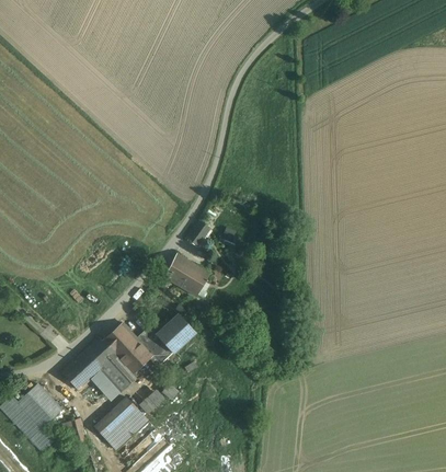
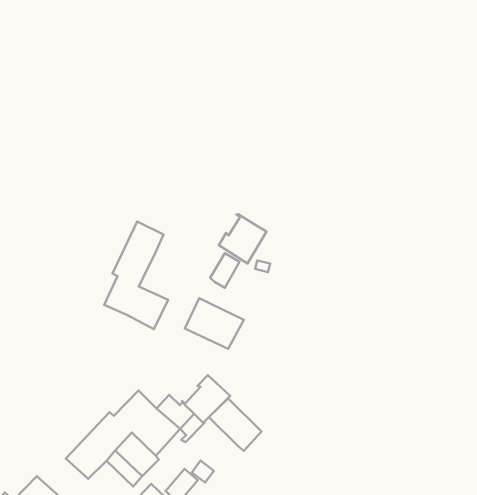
building: none -> [104,221,168,329]
building: none -> [219,214,267,264]
building: none -> [209,398,262,451]

